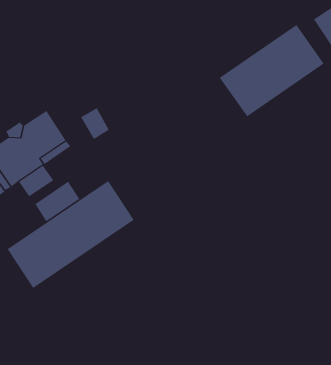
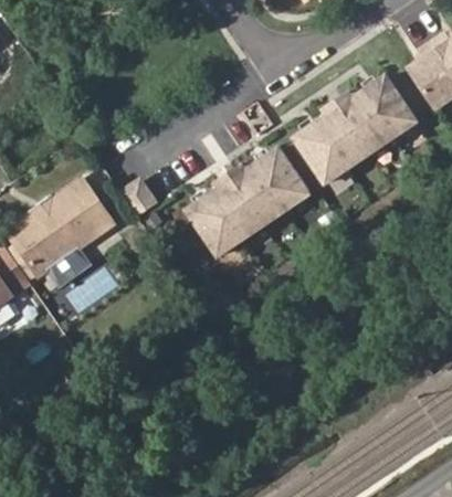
building: none -> [183,144,314,258]
building: [7,180,134,289] -> none

